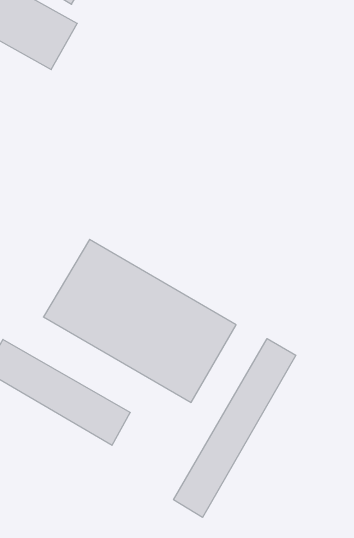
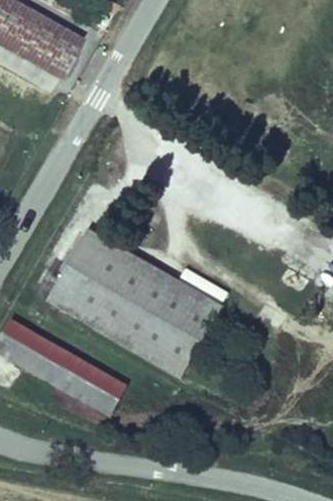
building: [174,339,296,517] -> none

